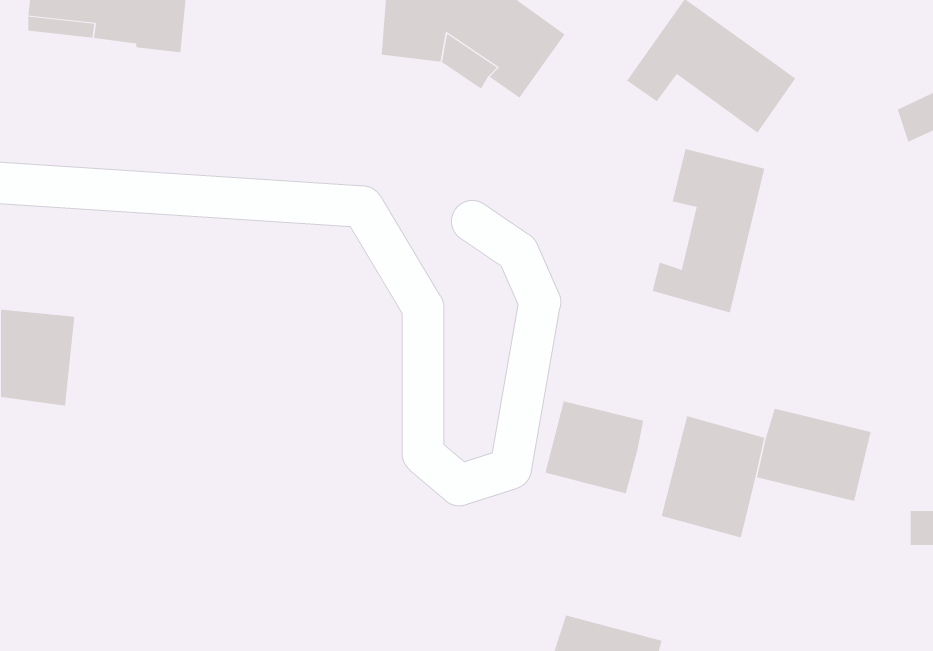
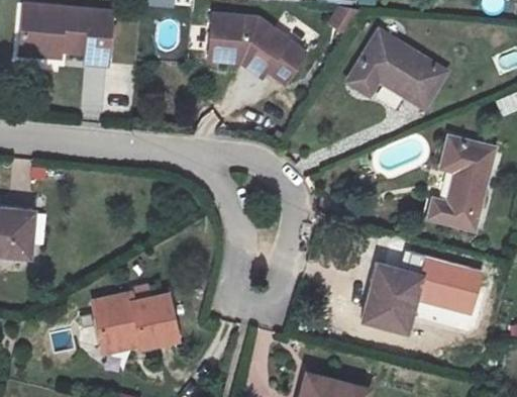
building: [652,148,765,313] -> [428,134,491,225]
building: [545,400,644,494] -> none
building: none -> [86,288,174,350]

